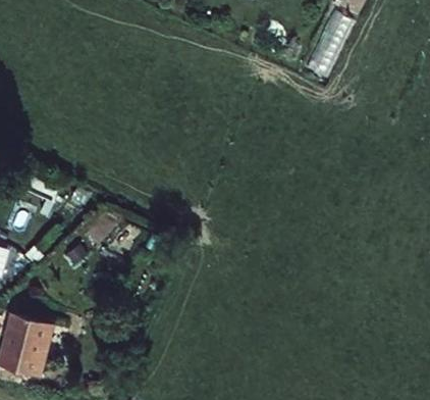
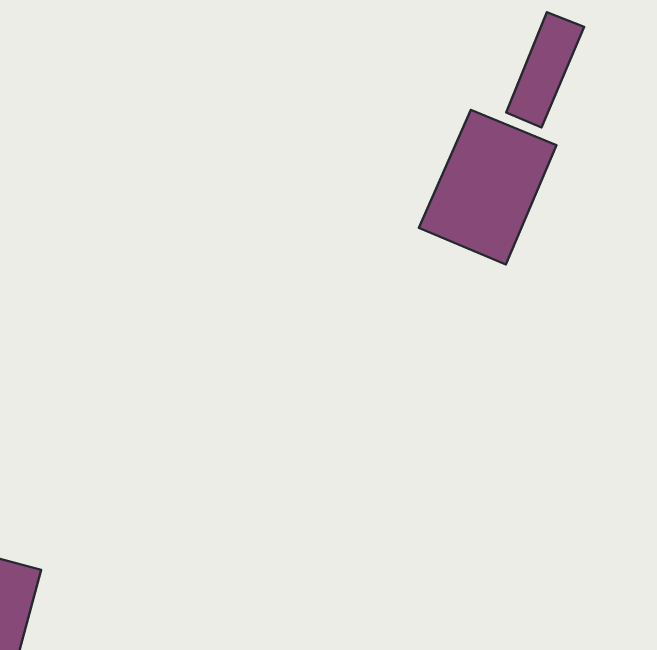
building: none -> [419,110,556,265]

